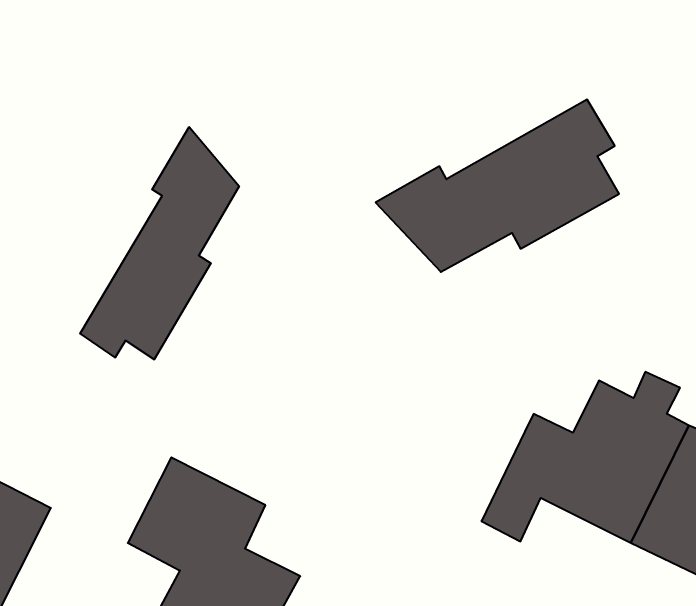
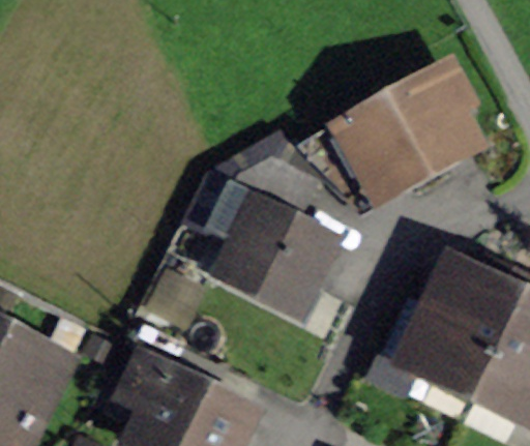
building: [80,127,239,360] -> none
building: none -> [212,169,327,313]

